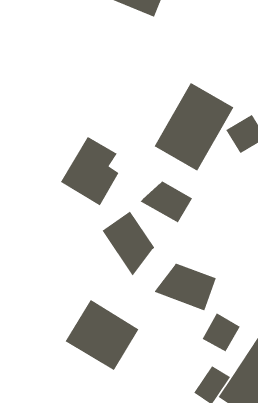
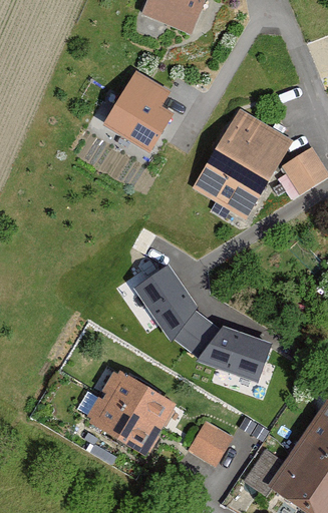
building: [60,136,119,207] -> [100,68,172,152]
building: [139,180,193,223] -> none
building: none -> [173,310,219,357]
building: [201,312,241,352] -> [188,420,235,468]

